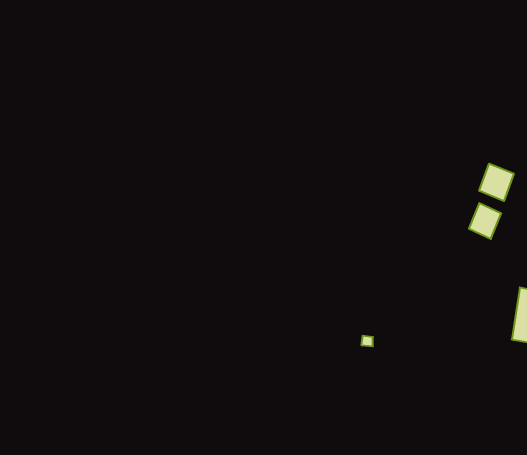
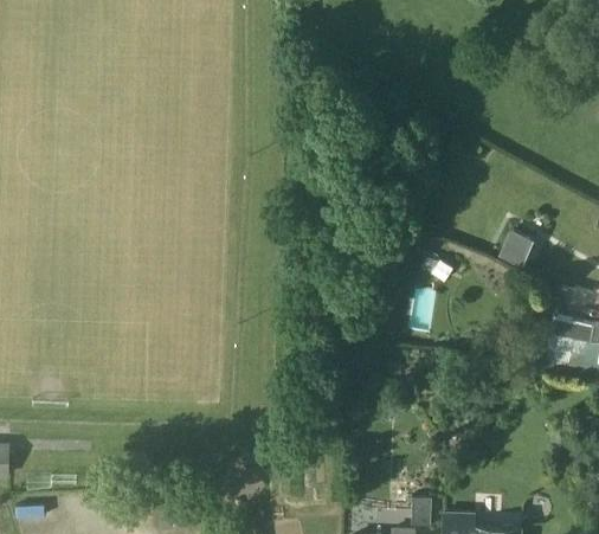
building: [479,164,514,201] -> none

